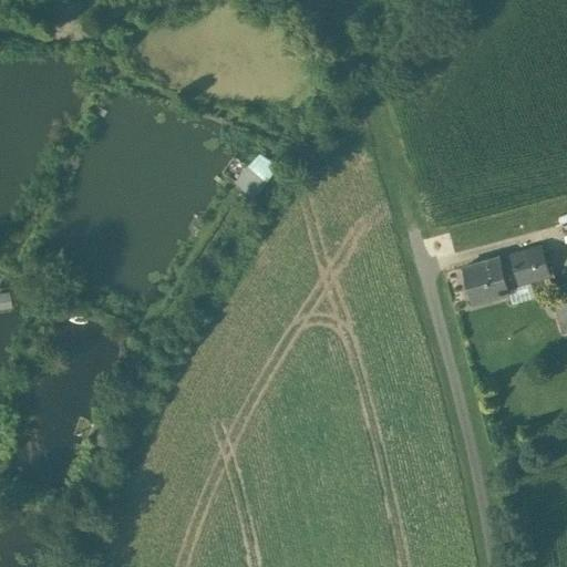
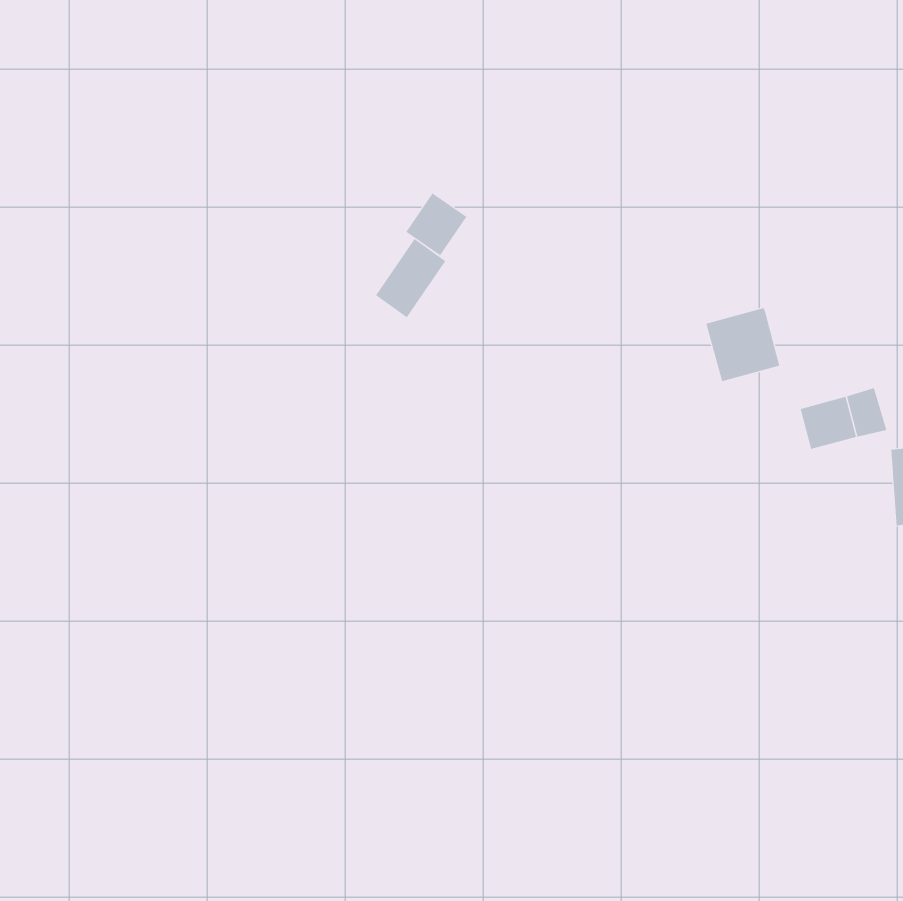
building: none -> [405,193,467,256]
building: [464,256,511,302] -> [706,307,780,382]

